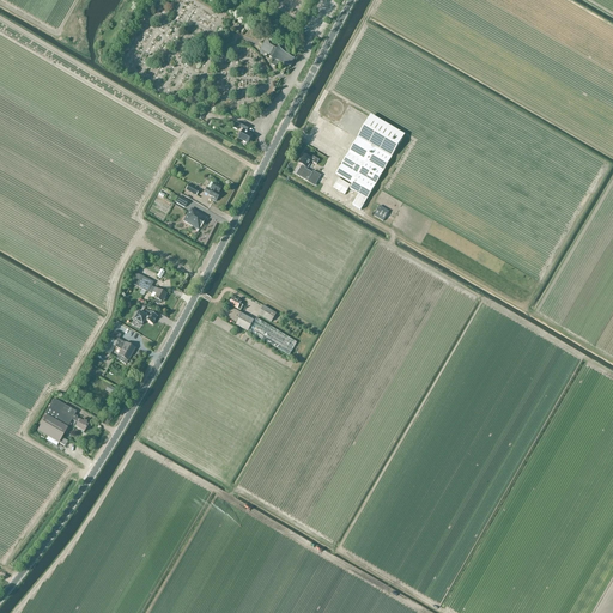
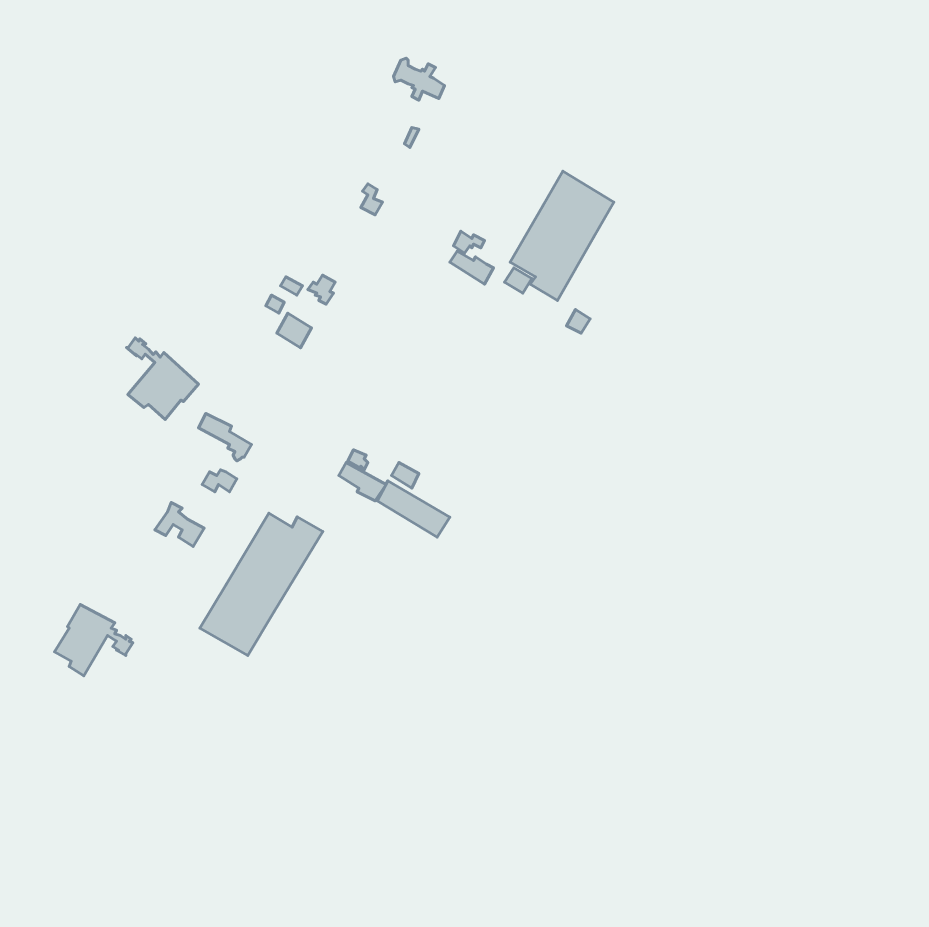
building: none -> [127,338,198,420]
building: none -> [200,513,323,655]

